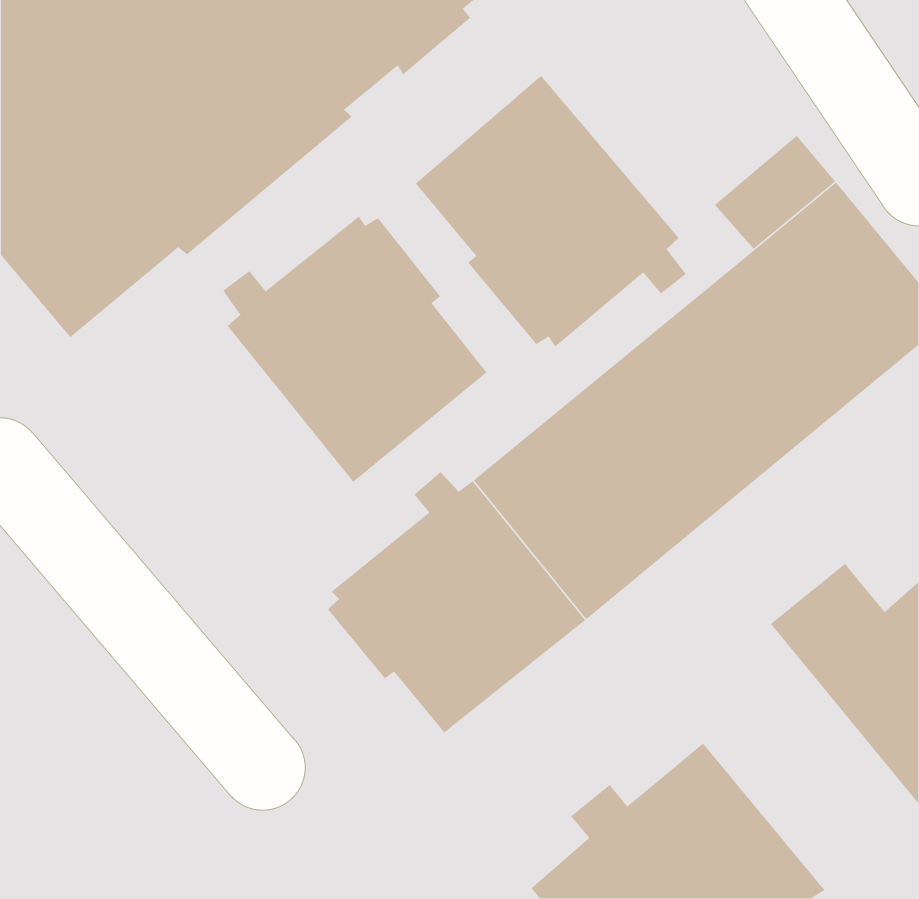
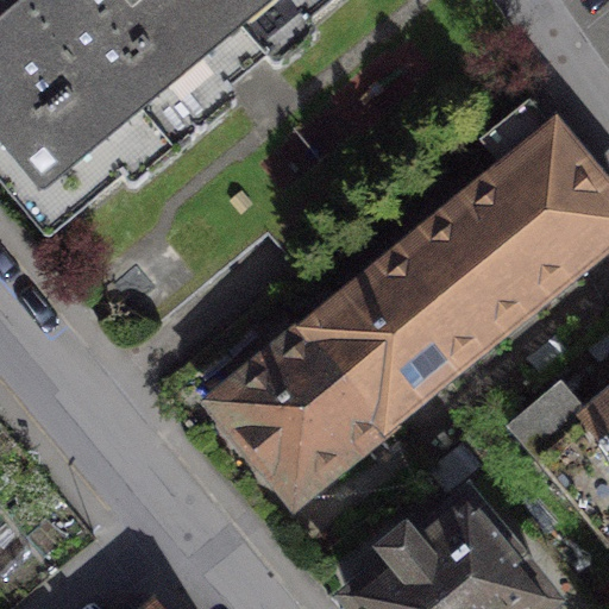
building: [415,75,687,347] -> none
building: [222,215,488,483] -> none

